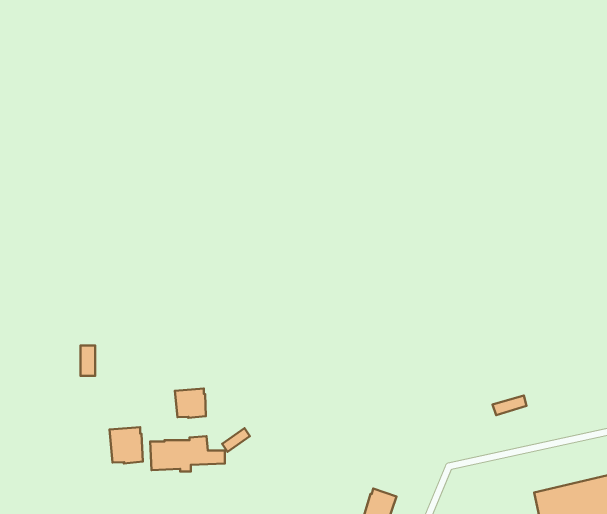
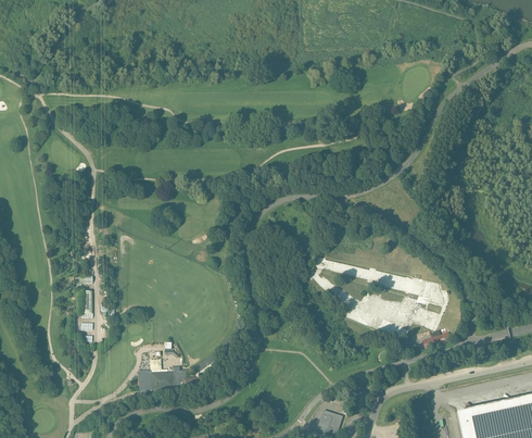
building: [175,389,206,418] -> none
building: [109,427,143,464] -> none

